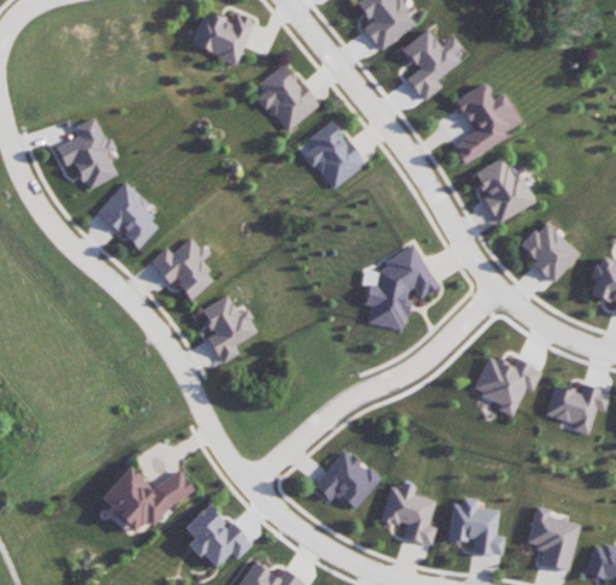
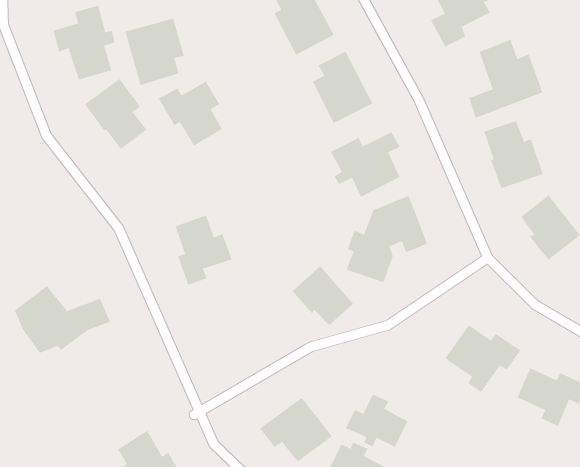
building: none -> [125,18,185,86]
building: none -> [330,131,401,197]
building: [148,237,213,300] -> [158,81,222,146]
building: none -> [292,266,354,326]
building: none -> [345,394,408,448]
building: [99,467,190,532] -> [14,285,111,354]

